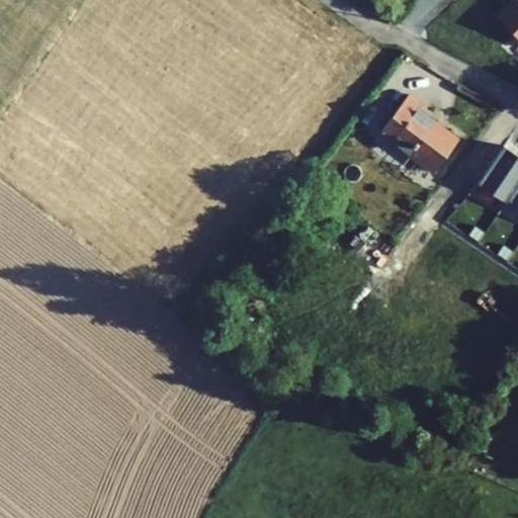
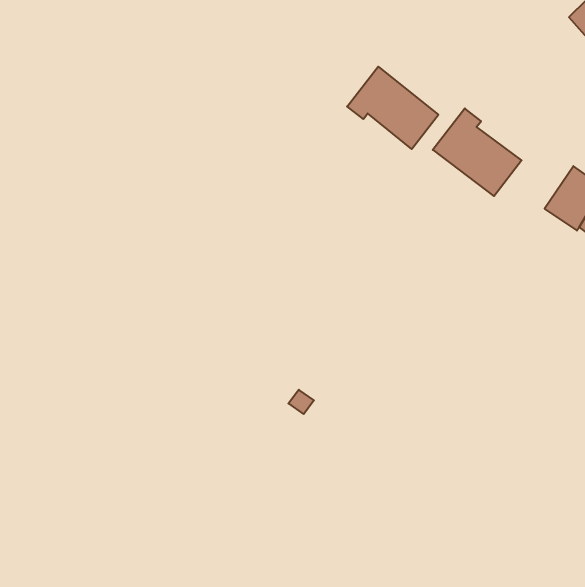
building: none -> [347,67,438,149]

